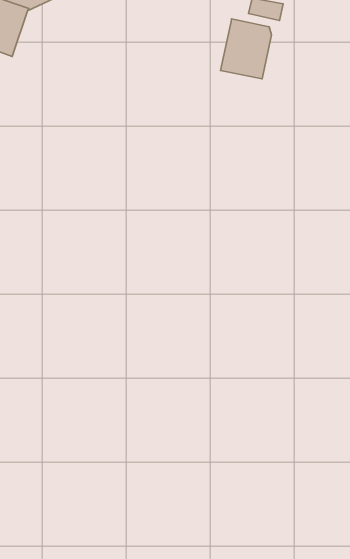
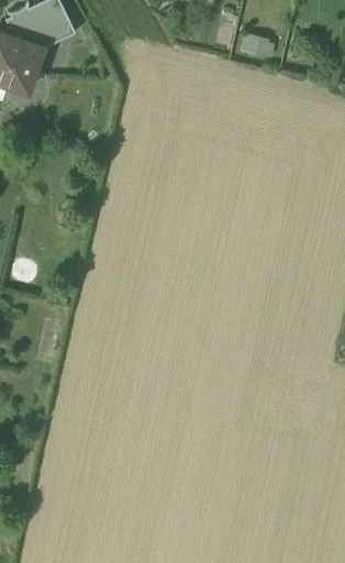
building: [220,19,271,79] -> none

